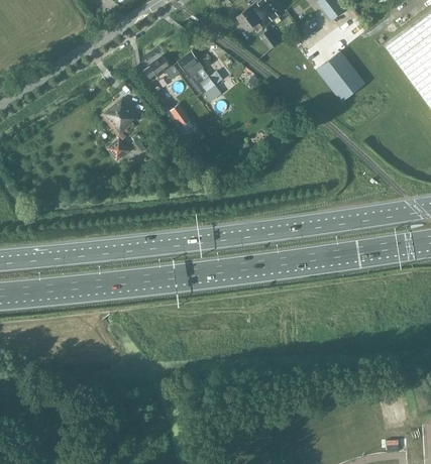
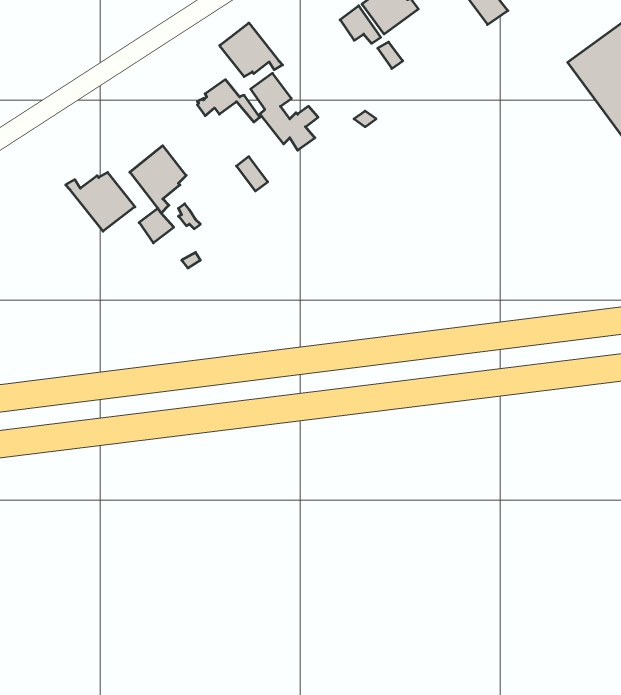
building: none -> [220,23,283,77]
building: [317,50,366,101] -> none
building: none -> [66,172,135,231]

